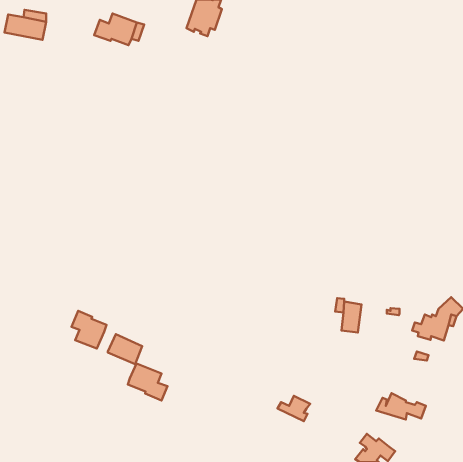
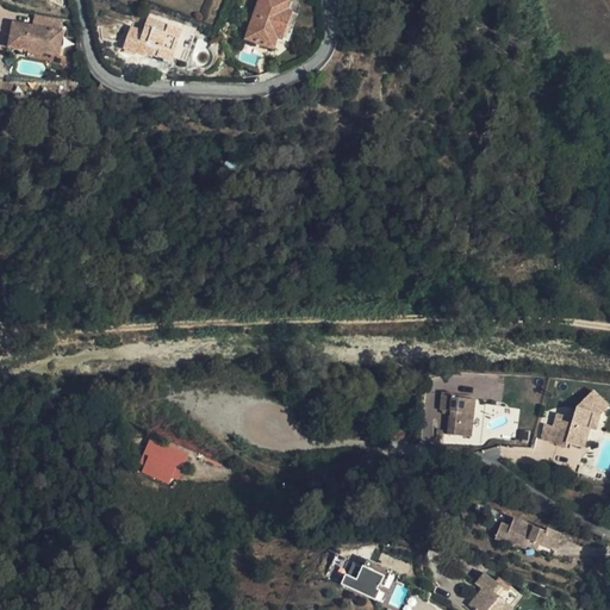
building: [71,311,107,349] -> none
building: [128,363,167,401] -> none
building: [277,396,310,421] -> [341,567,384,600]

